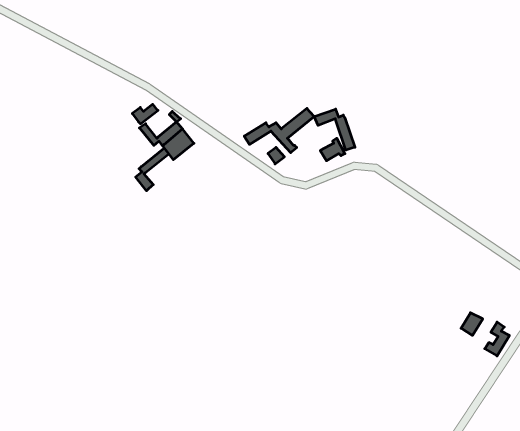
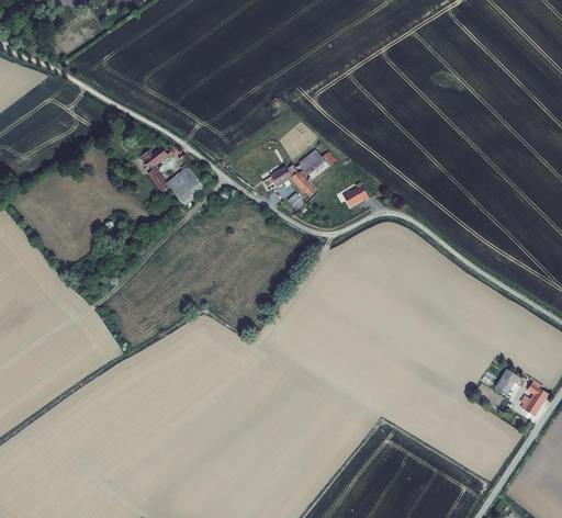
building: [314,109,355,150] -> none
building: [136,148,169,191] -> none

